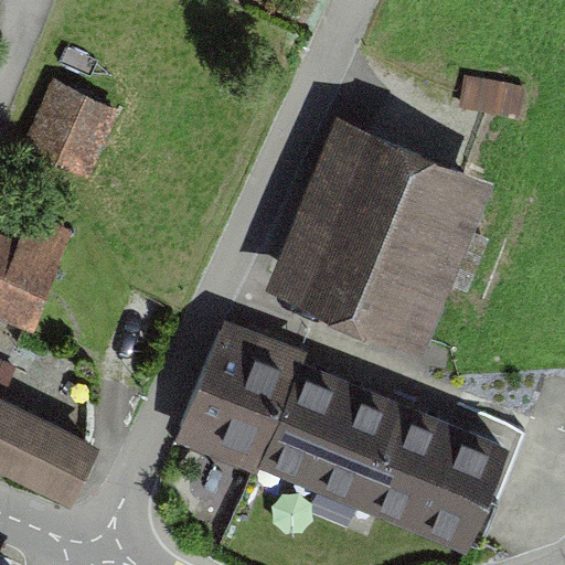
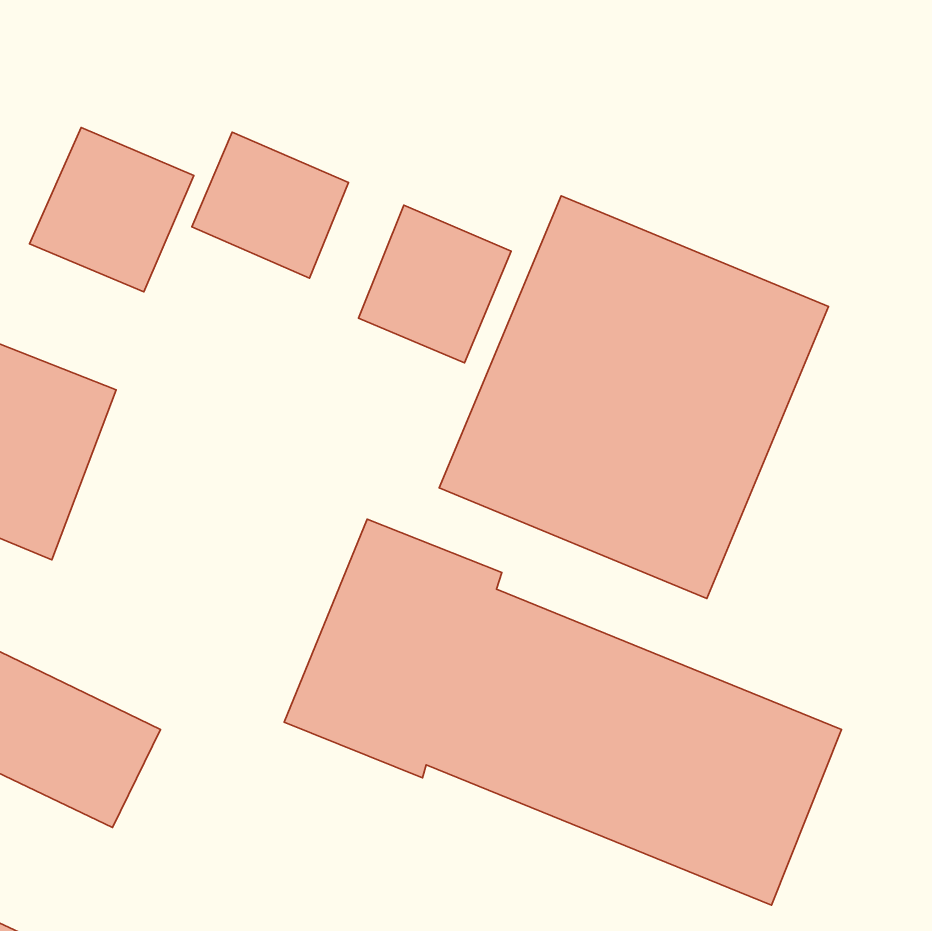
building: none -> [192,132,349,278]
building: none -> [359,205,511,363]

